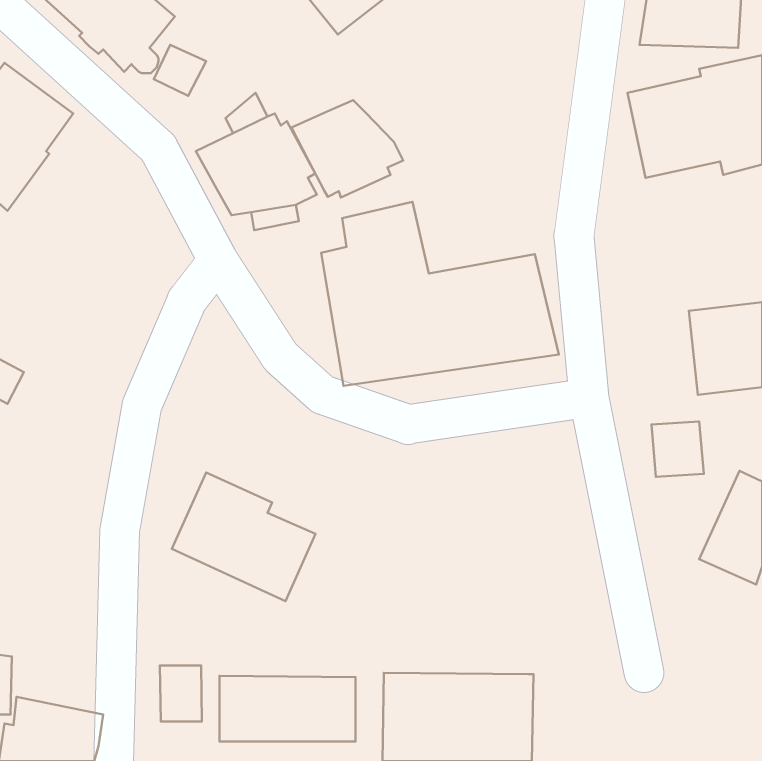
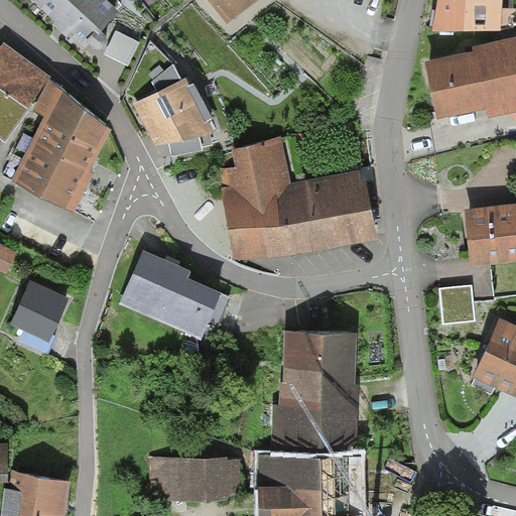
building: [291,100,403,198] -> none
building: none -> [12,80,111,213]
building: none -> [10,281,68,342]
building: [172,473,315,601] -> [123,249,220,336]
building: none -> [259,334,358,455]
building: [160,665,202,722] -> none

